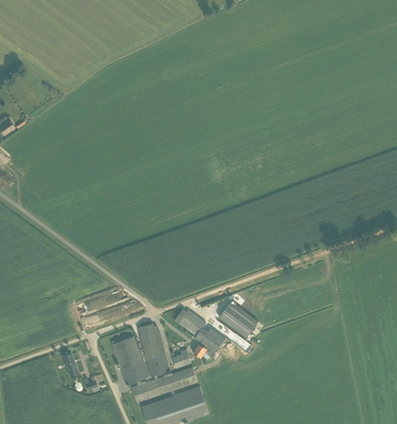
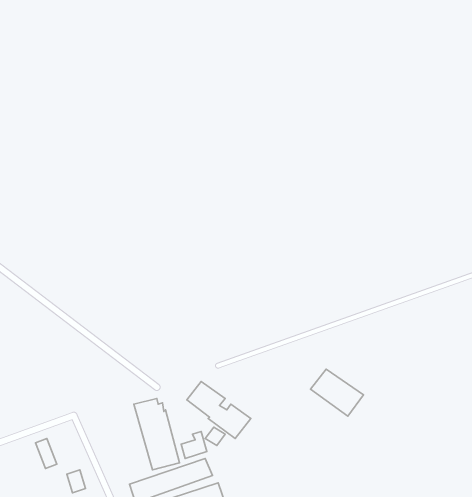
building: [215,301,256,337] -> [311,369,363,416]
building: [110,335,149,385] -> none

